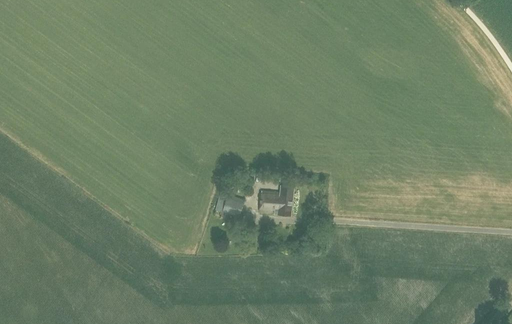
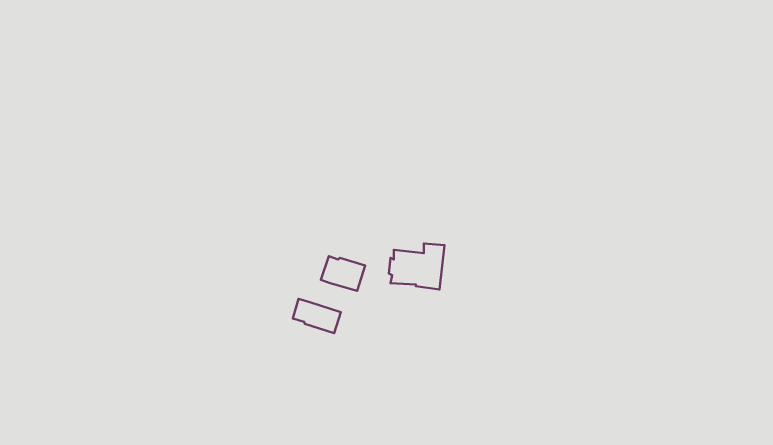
building: none -> [293,299,341,333]

